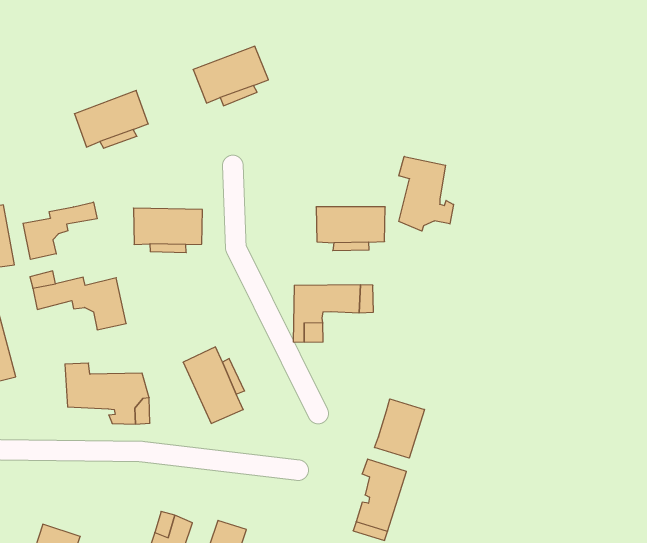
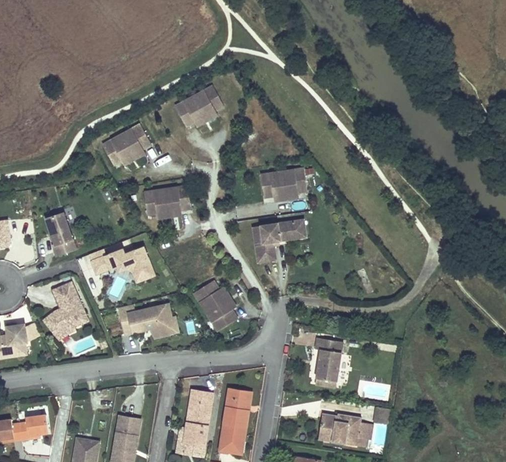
building: [399,156,454,231] -> none
building: [23,202,97,259] -> none
building: [375,399,424,458] -> none

